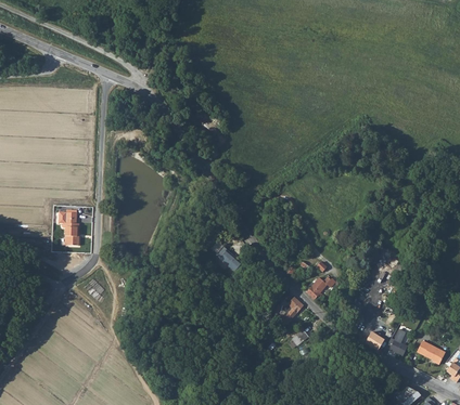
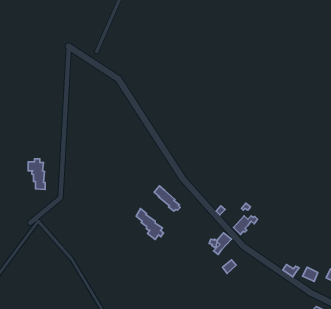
building: none -> [136,209,164,239]

